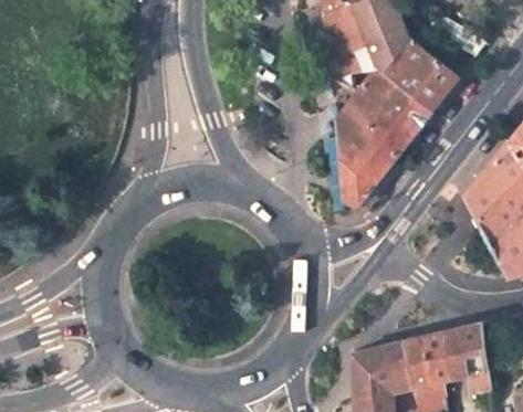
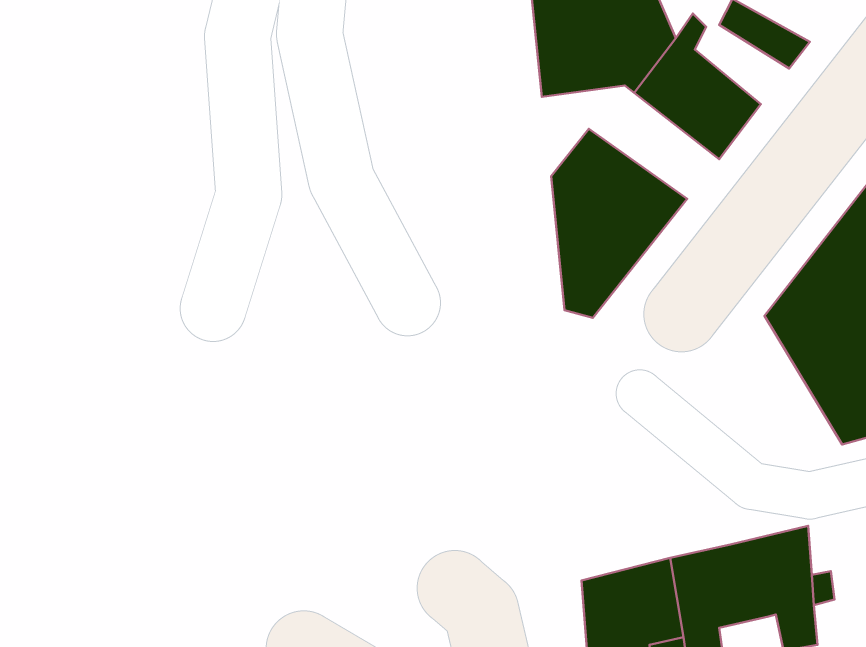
building: [357,65,433,131] -> none

